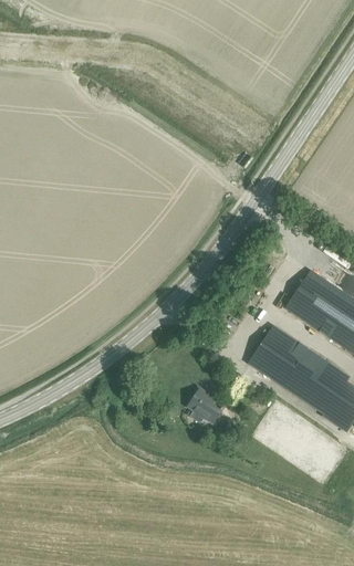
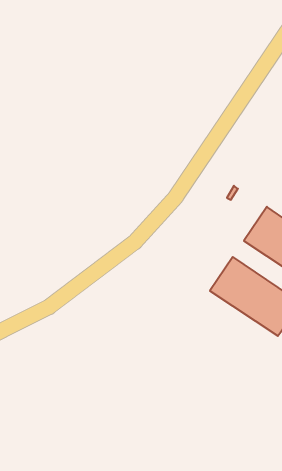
building: [187,388,225,422] -> none

